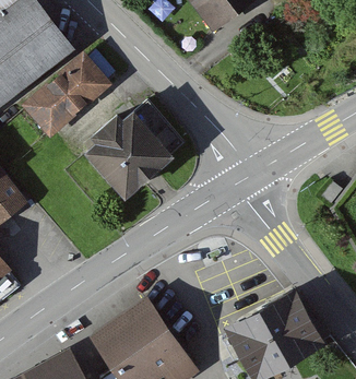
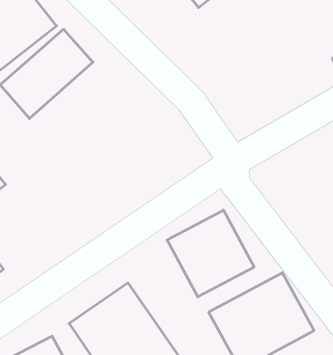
building: [86,100,183,194] -> none
building: none -> [167,210,254,297]

